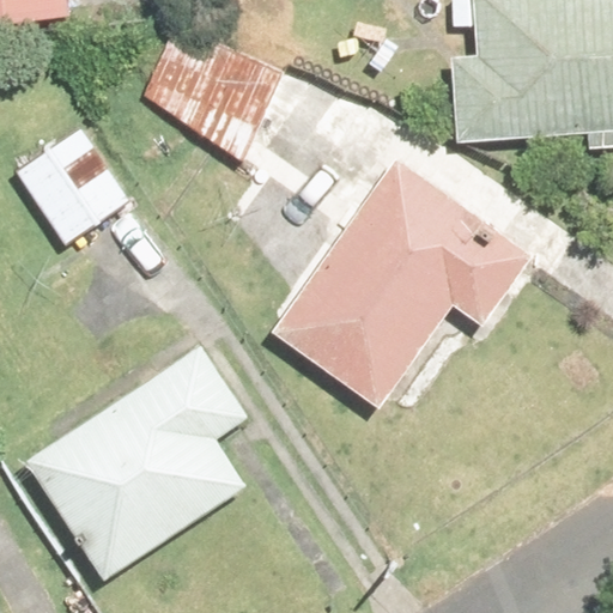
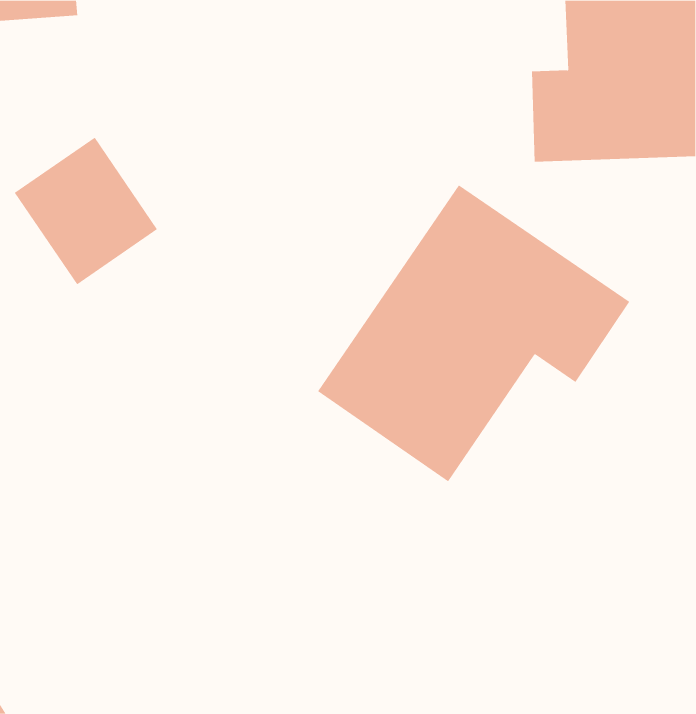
building: [134,32,273,152] -> none
building: [28,347,244,577] -> none

